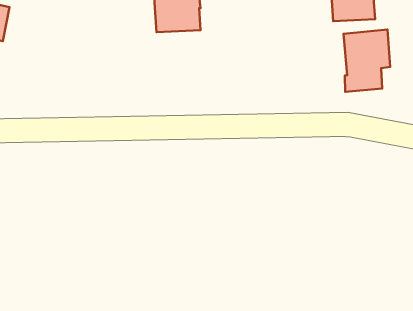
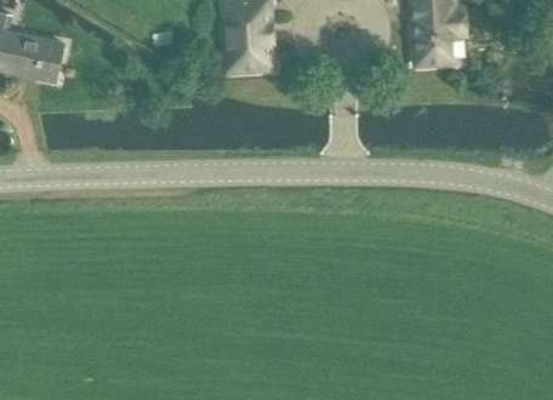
building: [344,29,390,92] -> none

